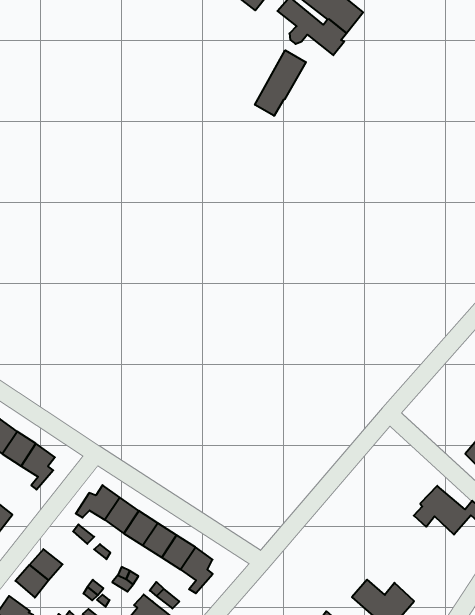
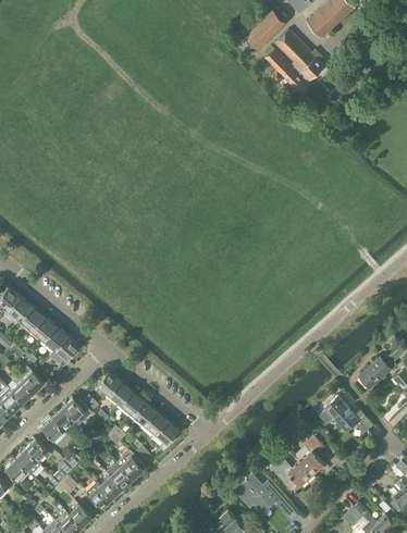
building: [255,50,306,116] -> none
building: none -> [62,399,92,426]
building: none -> [295,436,324,474]

